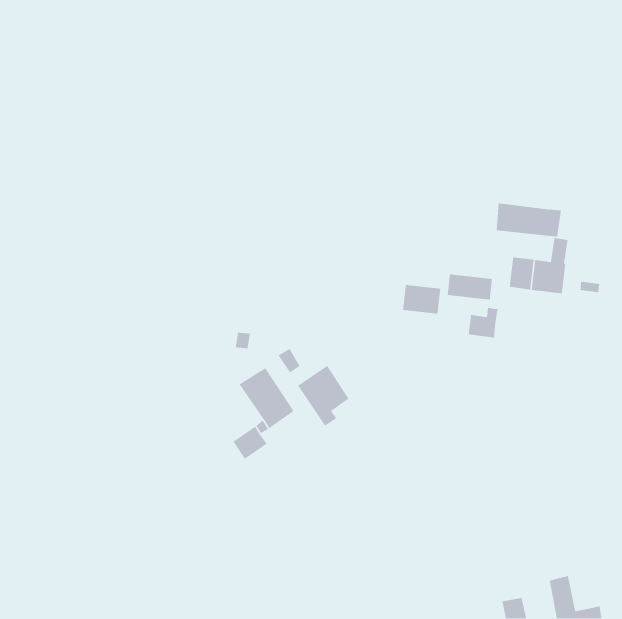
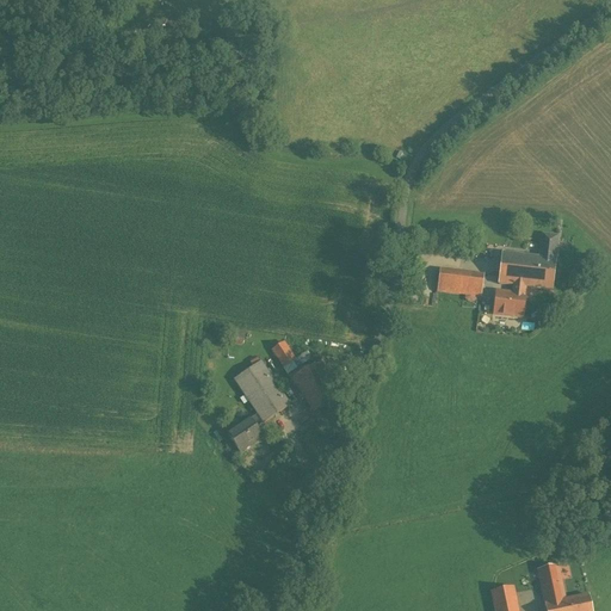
building: [496,203,562,238] -> none
building: [402,284,441,314] -> none
building: [468,307,498,338] -> [495,284,525,315]

